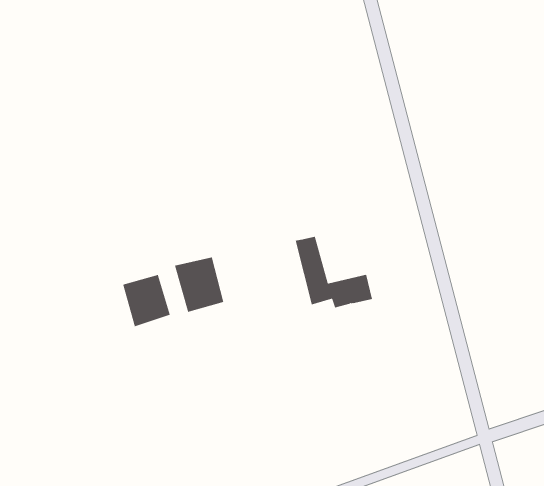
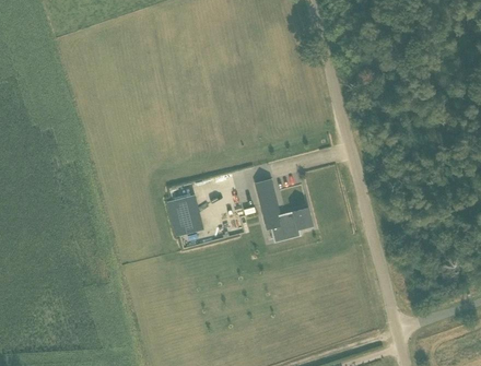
building: [122,274,171,327] -> none

